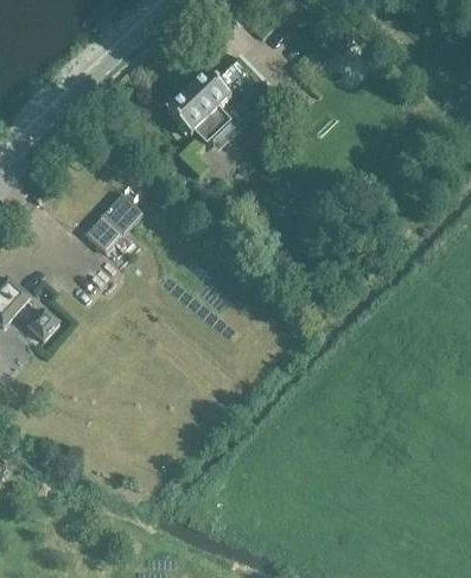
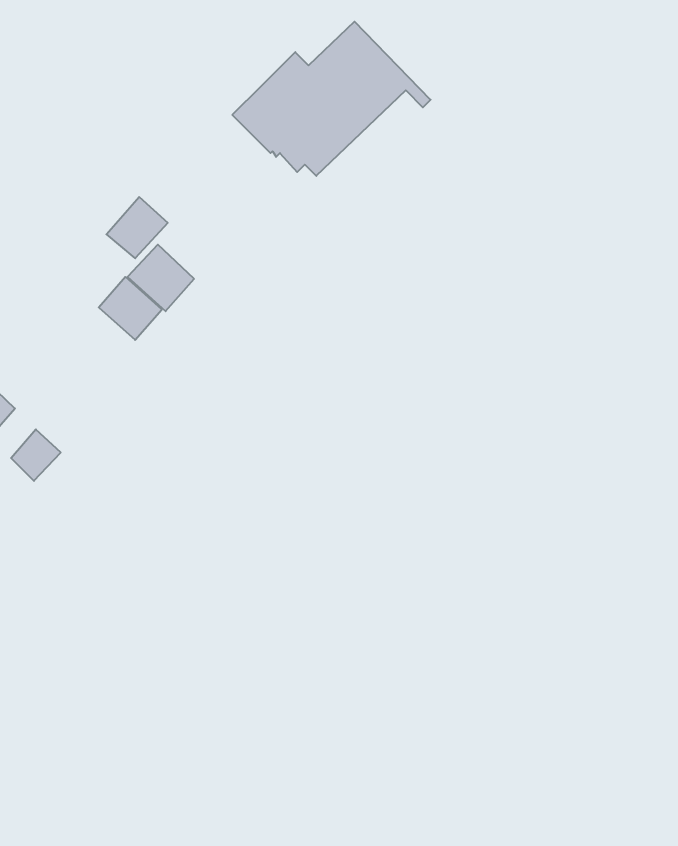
building: none -> [106,197,168,258]

